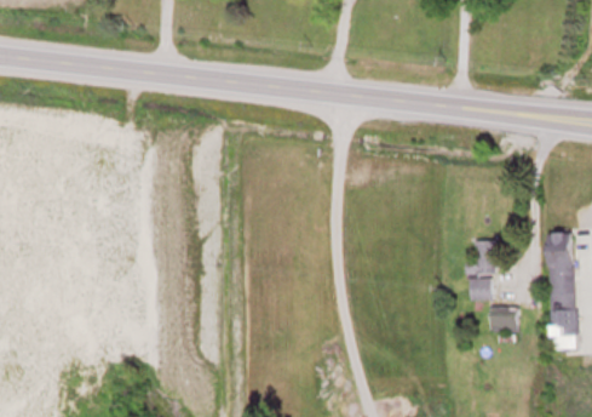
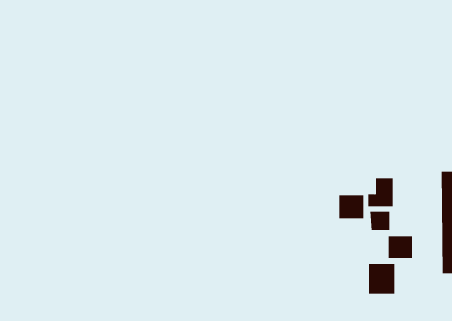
building: none -> [339,194,364,219]
building: none -> [369,263,395,294]

